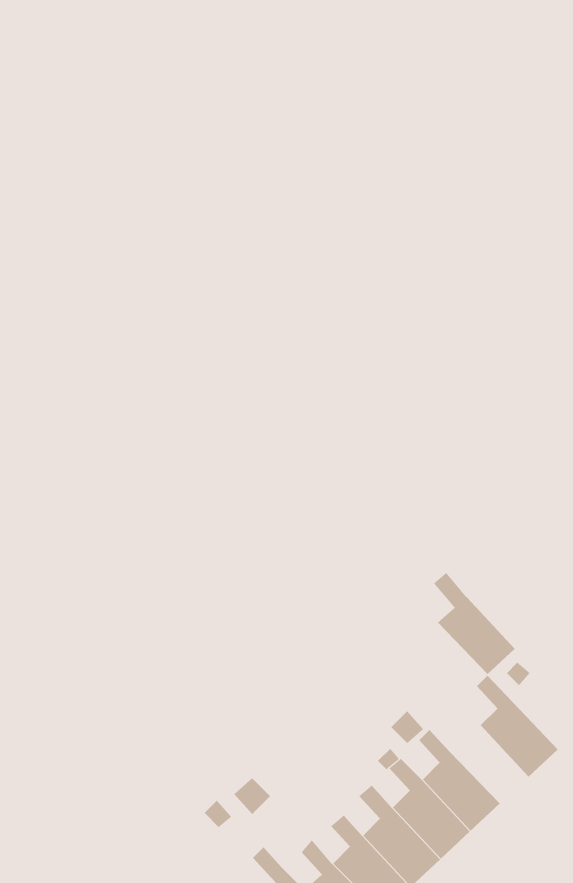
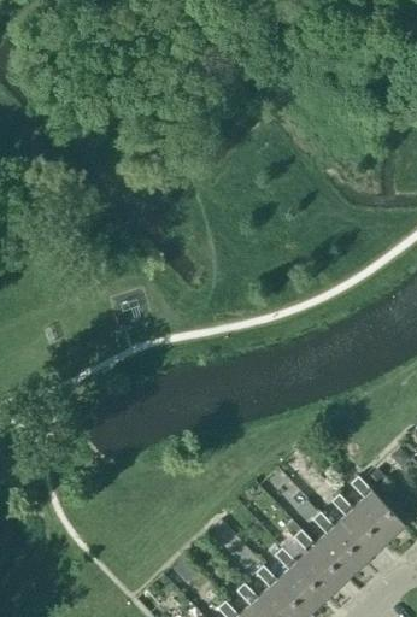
building: [433,572,515,675] -> [333,493,386,559]

